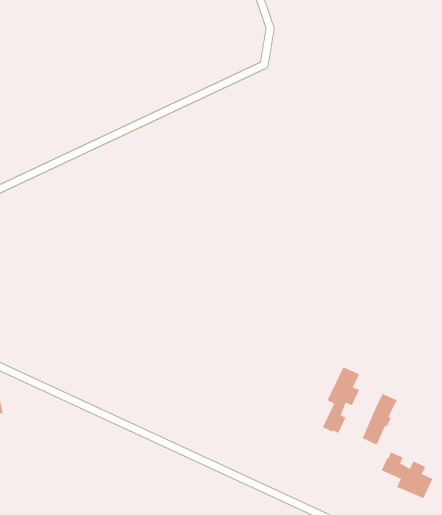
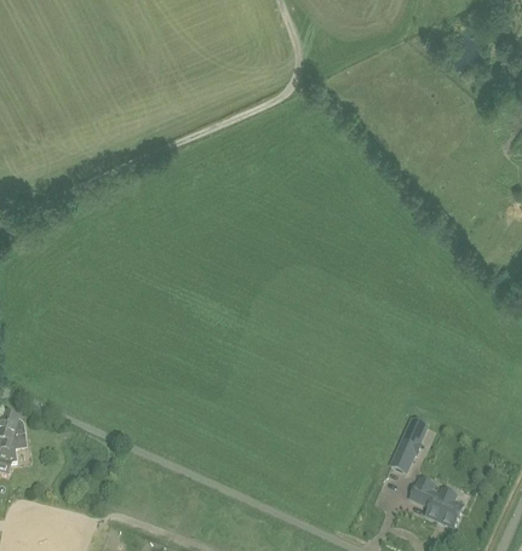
building: [322,366,360,434] -> none

